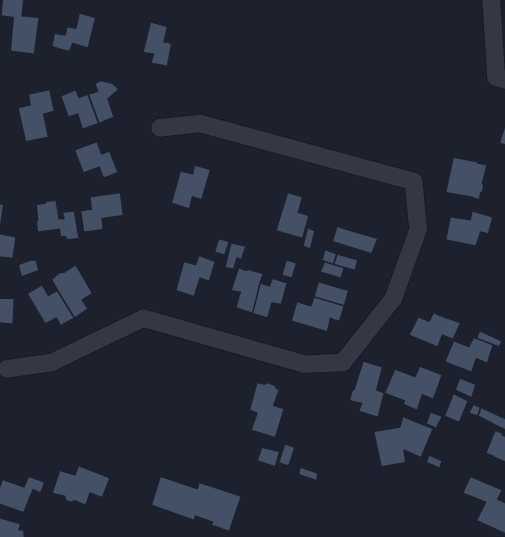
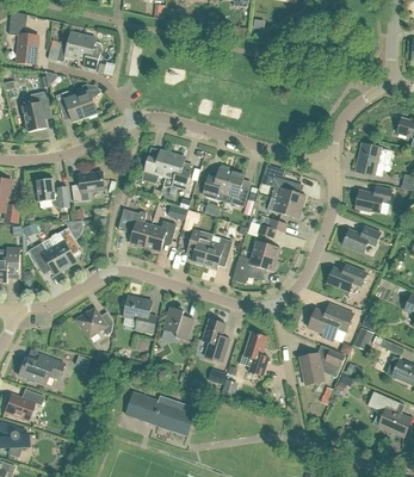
building: [143,22,172,66] -> [76,35,99,69]
building: [74,141,118,178] -> none
building: none -> [162,153,190,188]
building: none -> [202,167,231,200]
building: none -> [270,175,305,206]
building: none -> [117,207,150,247]
building: [444,337,493,373] -> [341,225,379,253]
building: none -> [122,295,156,333]
building: [349,361,384,417] -> [240,332,267,376]
building: none -> [74,306,112,337]
building: none -> [162,306,193,340]
building: [52,466,110,506] -> [17,353,62,384]

